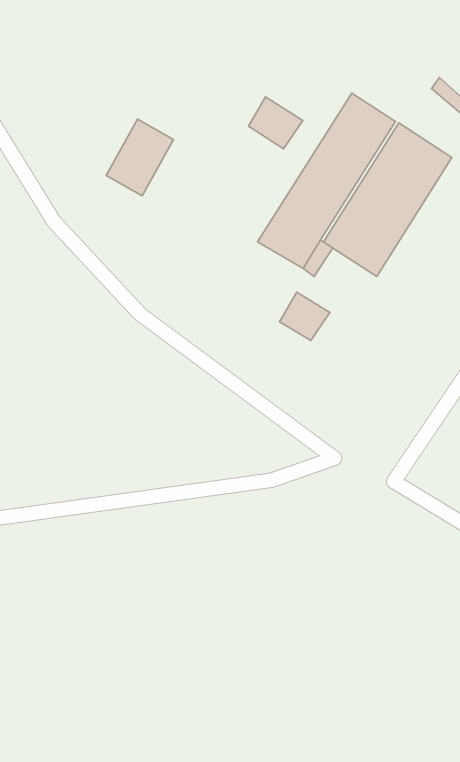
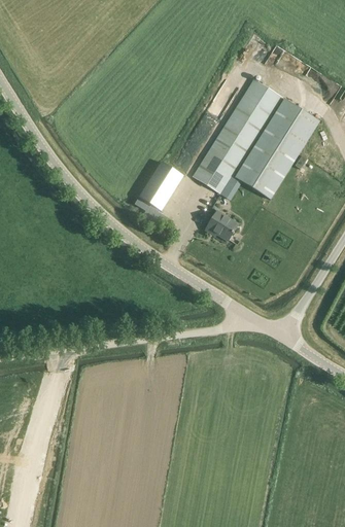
building: [248,97,303,149] -> none
building: [106,119,173,196] -> [140,160,184,210]

